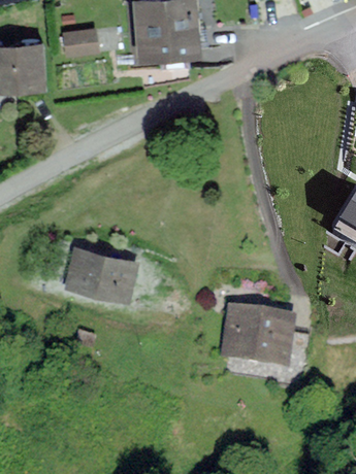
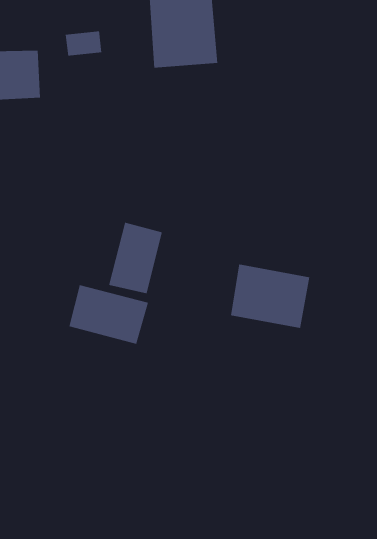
building: none -> [108,222,163,294]
building: [223,305,292,361] -> [230,264,310,329]

